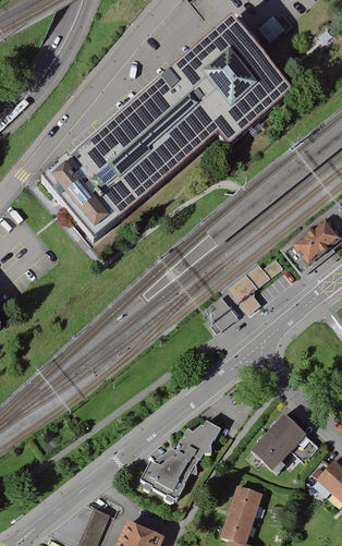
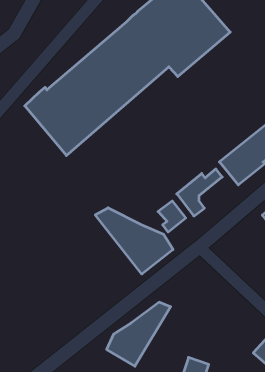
building: none -> [95,208,173,274]
building: [255,416,321,472] -> none

